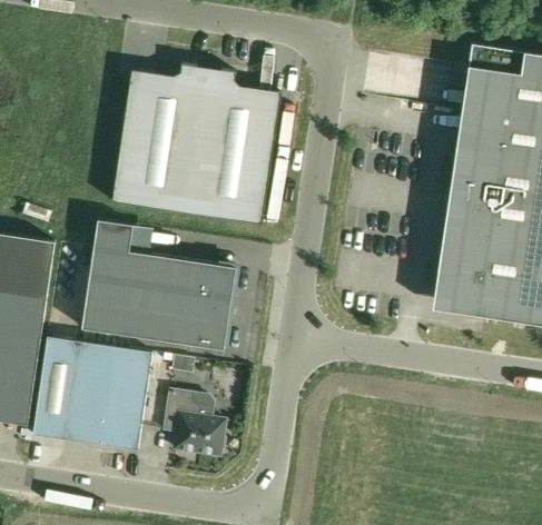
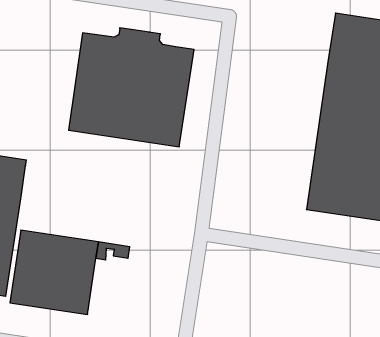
building: [81,219,236,350] -> none
building: [164,389,226,455] -> none

